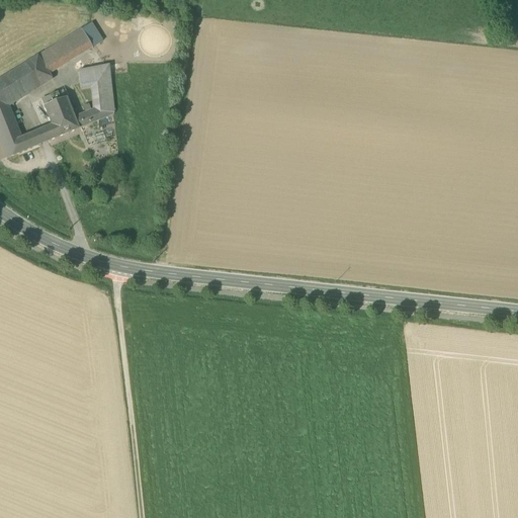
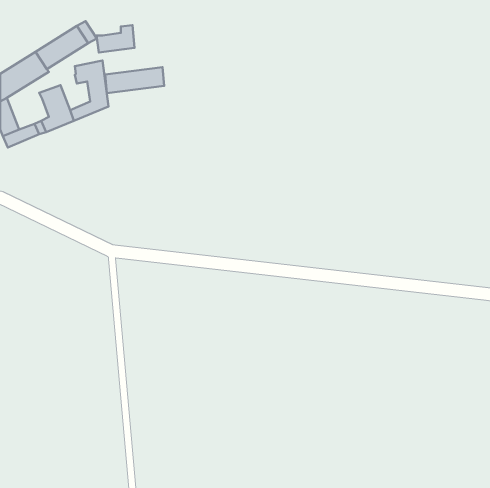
building: none -> [96,25,135,52]
building: none -> [105,67,164,93]

